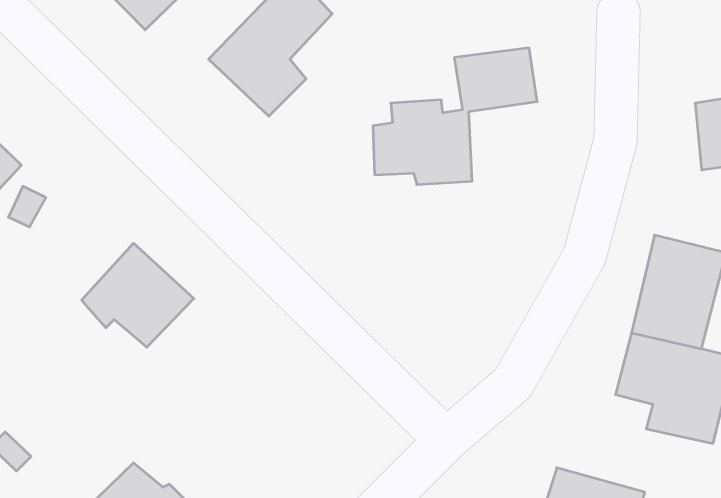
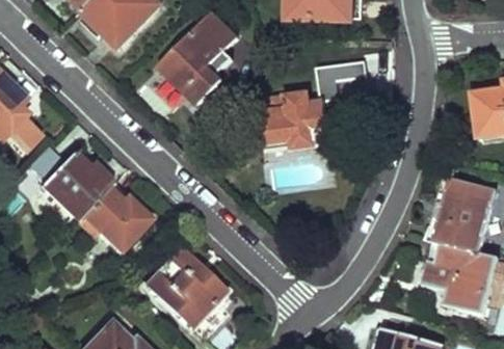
building: none -> [41,151,112,220]
building: none -> [145,247,224,328]

